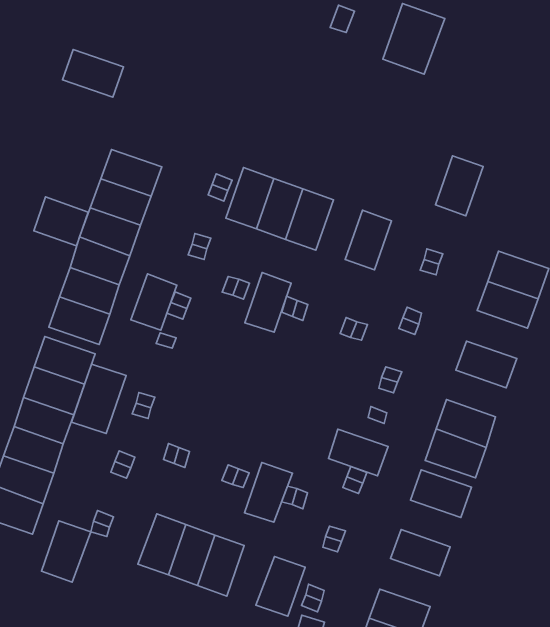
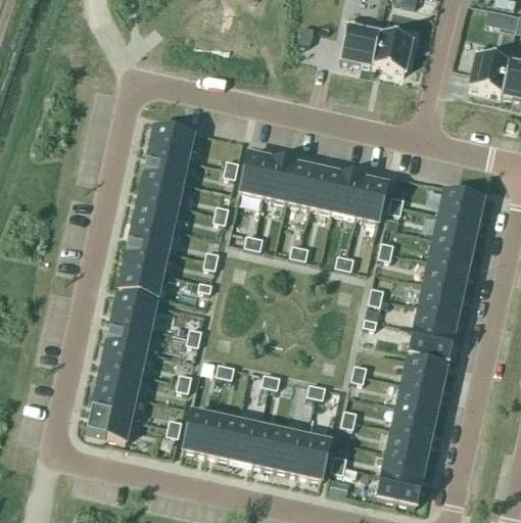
building: none -> [372,23,414,74]
building: [62,49,124,97] -> [148,128,192,159]
building: [435,156,483,216] -> [353,178,385,221]
building: [34,197,88,246] -> none
building: [245,272,291,332] -> [309,168,339,210]
building: [131,274,177,330] -> none
building: none -> [428,236,472,268]
building: [72,364,126,433] -> none
building: none -> [419,282,462,313]
building: [329,429,388,476] -> [397,382,440,413]
building: [244,463,292,522] -> [275,431,306,474]
building: [42,521,91,582] -> [183,411,216,455]
building: none -> [387,427,430,459]

